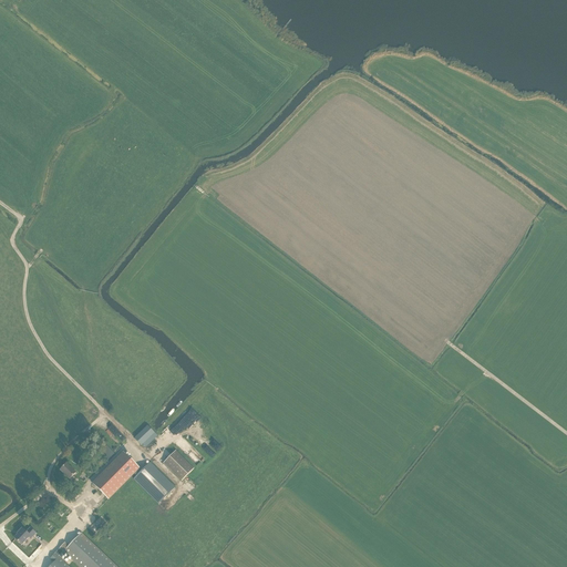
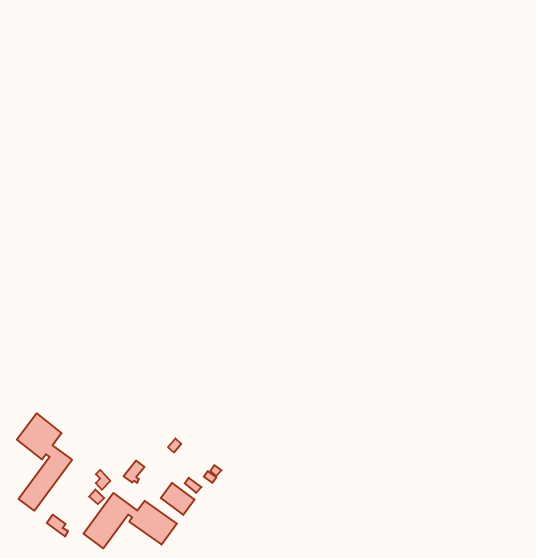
building: none -> [17,413,72,511]

